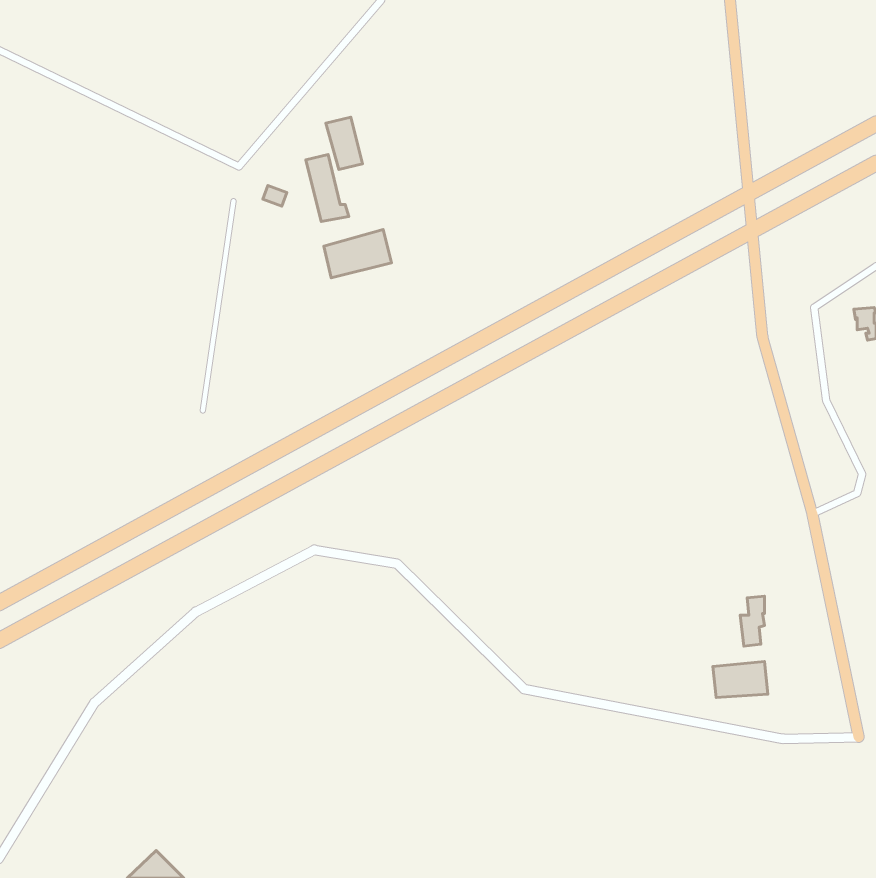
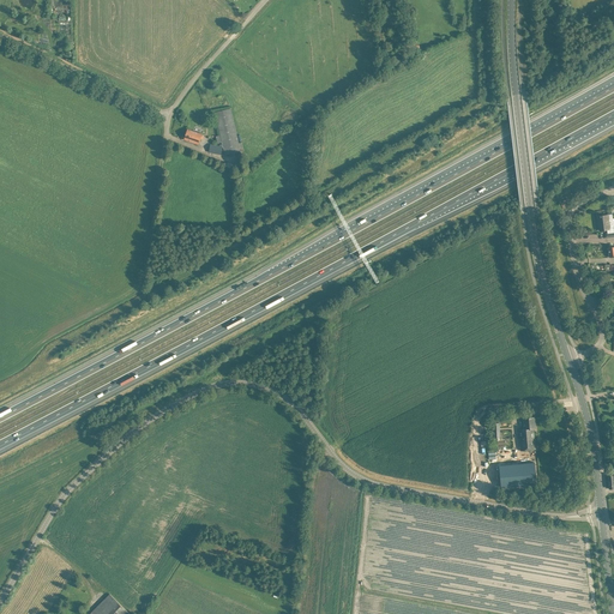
building: [326,117,363,169] -> none
building: [324,230,391,278] -> none

